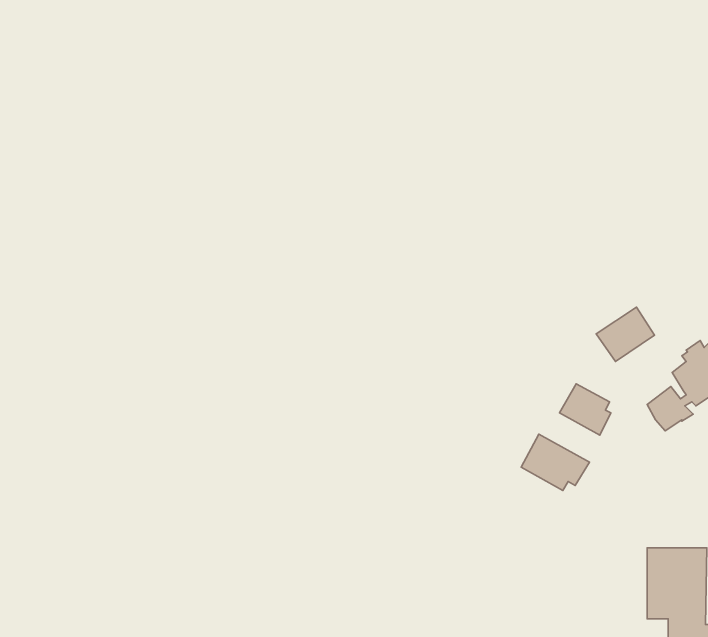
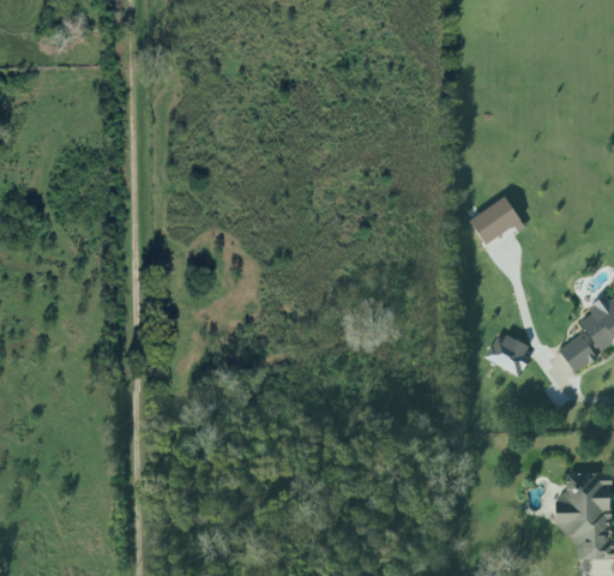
building: [596,307,655,362] -> [469,198,519,245]
building: [521,434,589,490] -> none

